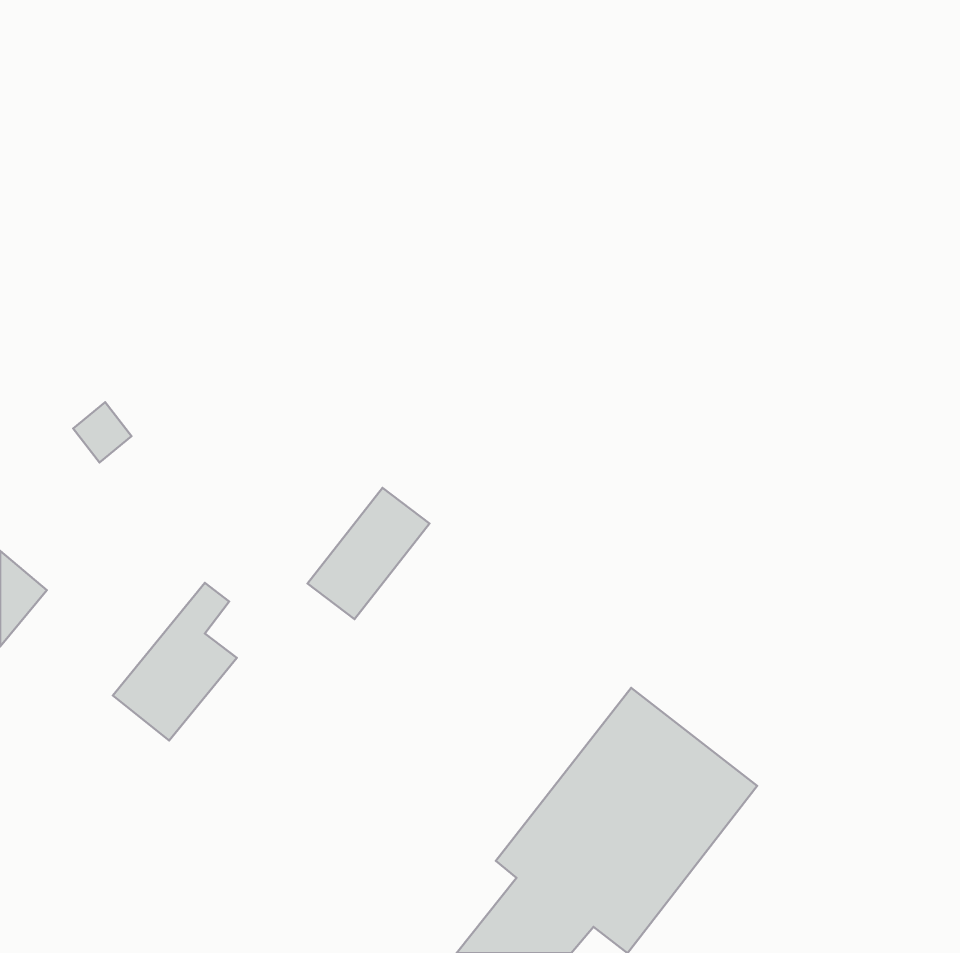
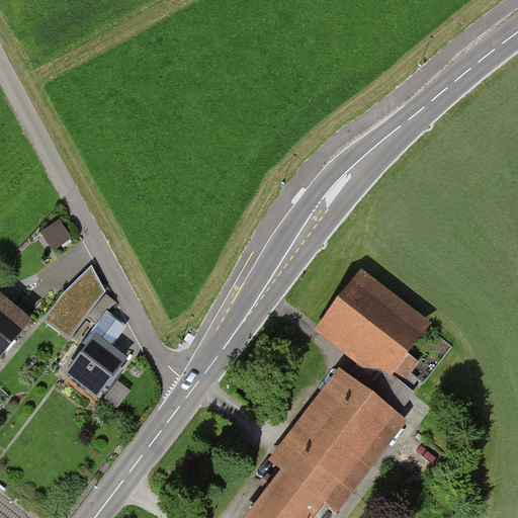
building: [307,488,430,619] -> [48,262,113,333]
building: none -> [317,272,423,390]

